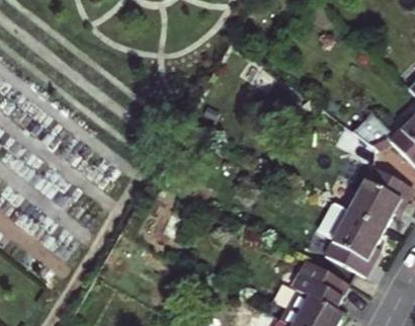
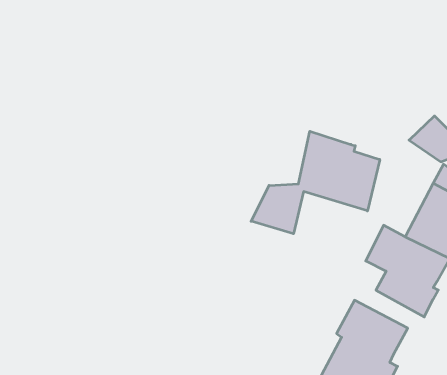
building: none -> [251,131,380,234]

